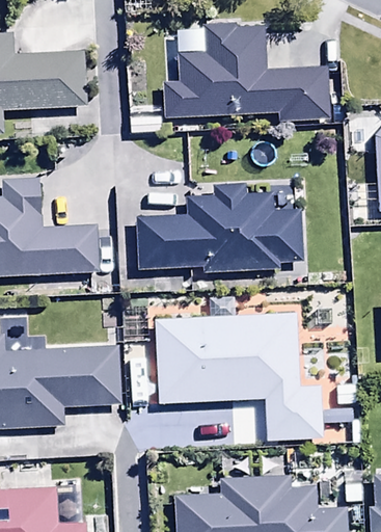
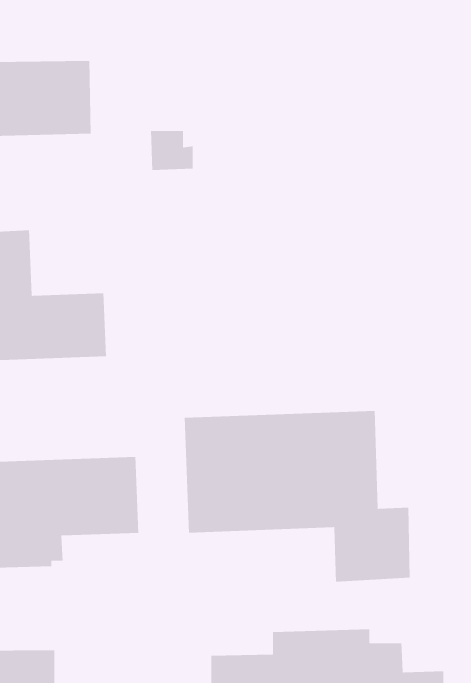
building: [162,22,330,121] -> none
building: [136,183,304,271] -> none

